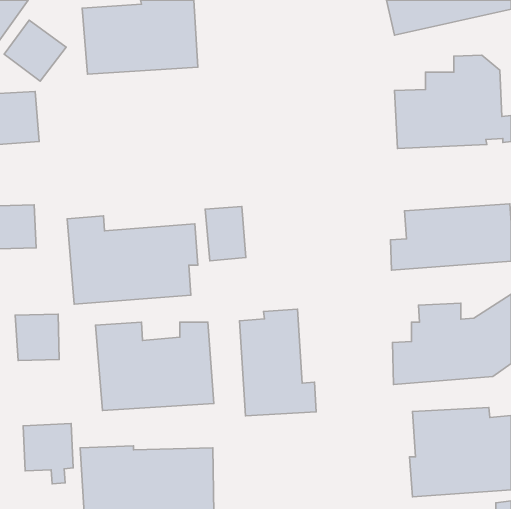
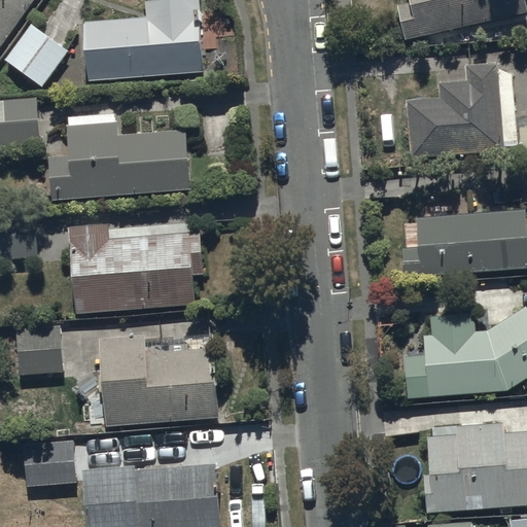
building: none -> [48,122,190,199]
building: [205,206,246,261] -> none
building: [239,309,316,416] -> none

